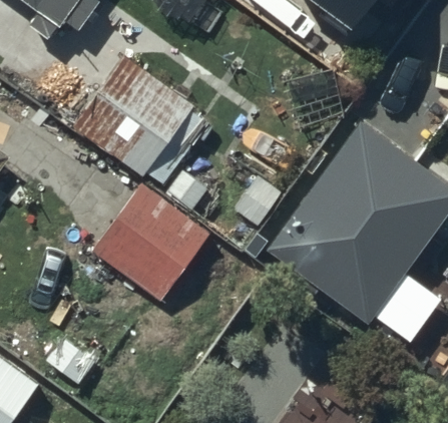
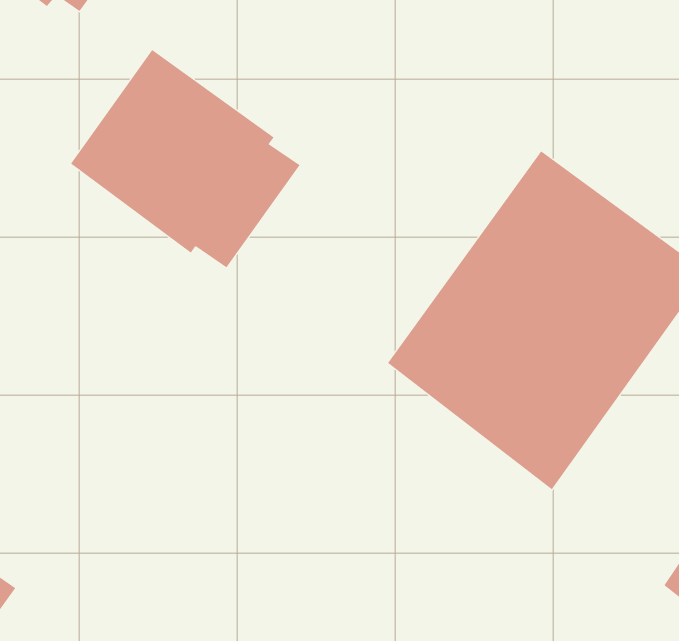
building: [92,183,211,303] -> none

